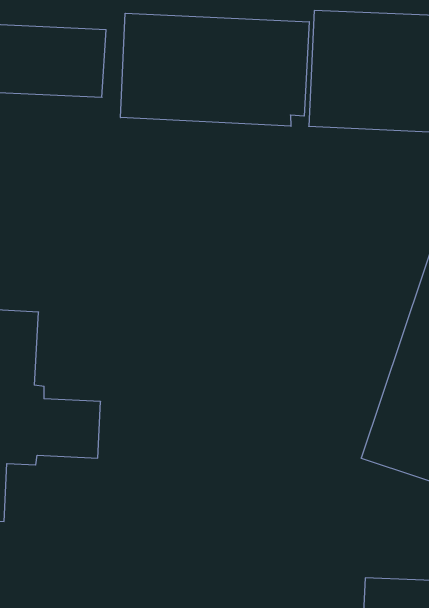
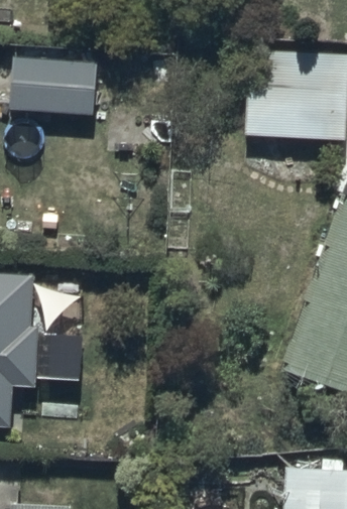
building: [121,13,309,126] -> none

